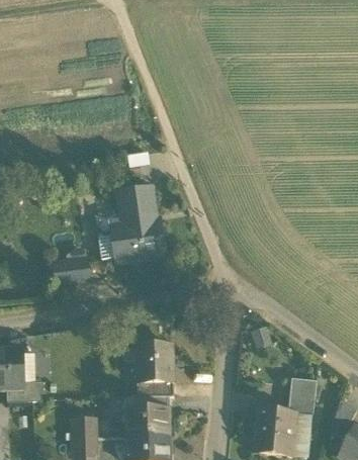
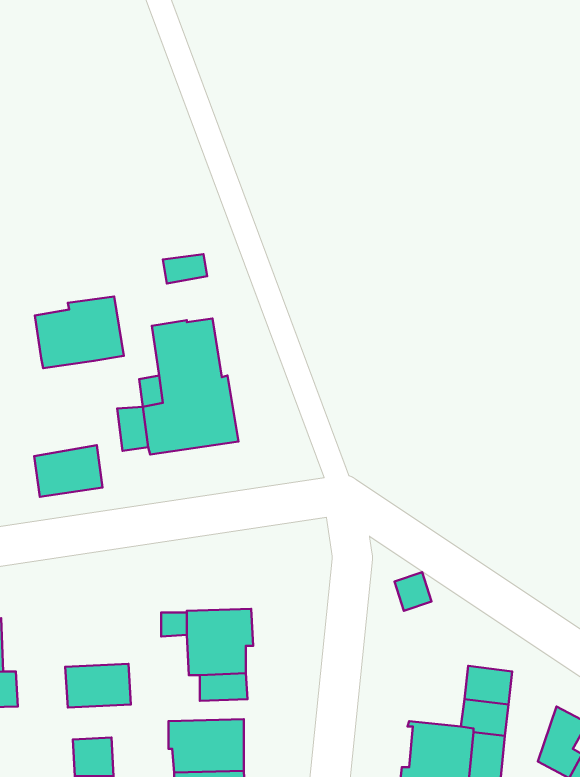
building: none -> [35,296,124,368]
building: none -> [65,664,131,707]

